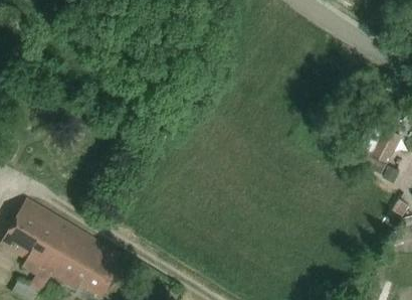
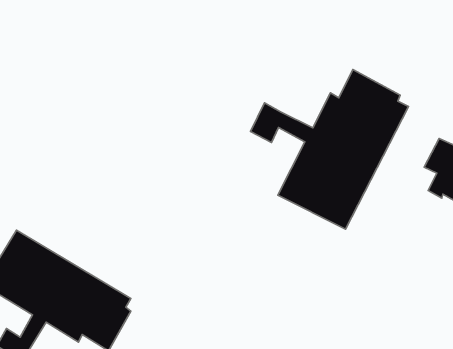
building: none -> [250,69,408,229]

